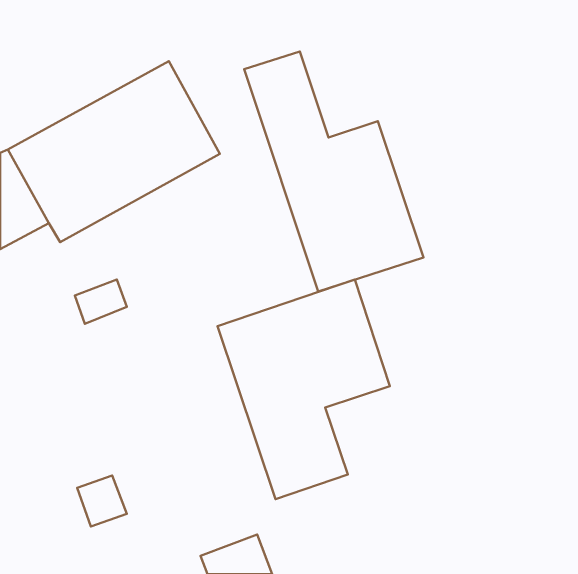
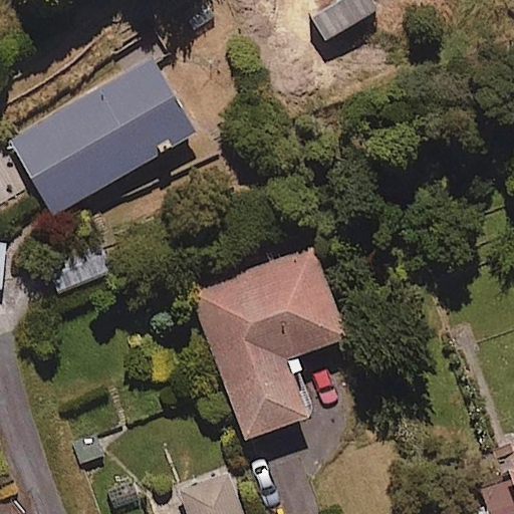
building: [244,52,424,291] -> none

